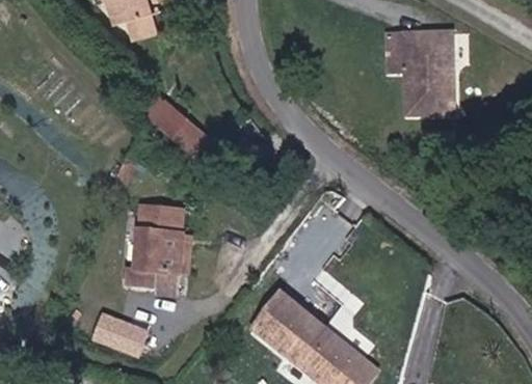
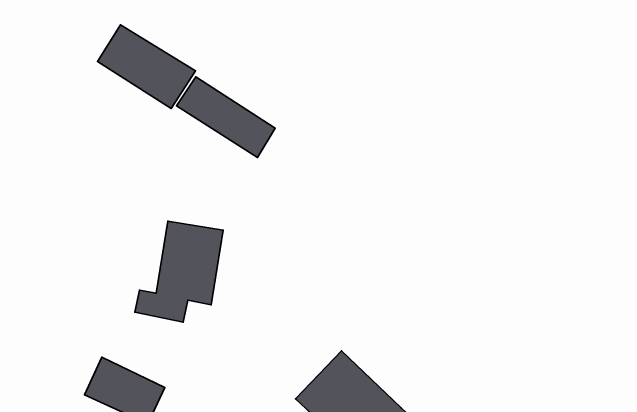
building: [392,35,459,115] -> none
building: none -> [98,25,195,108]

